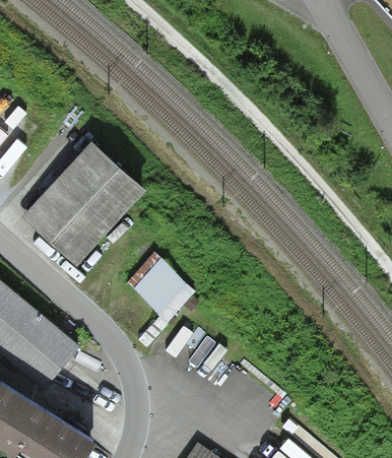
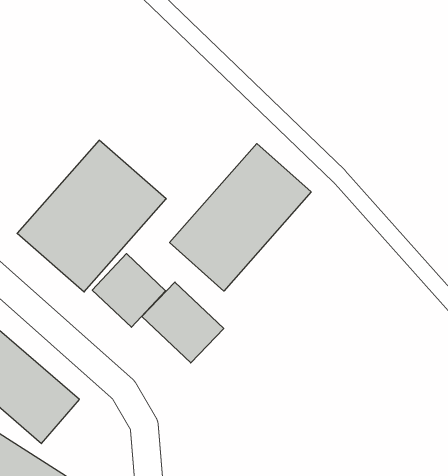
building: none -> [170,144,311,291]
building: none -> [92,254,166,327]

